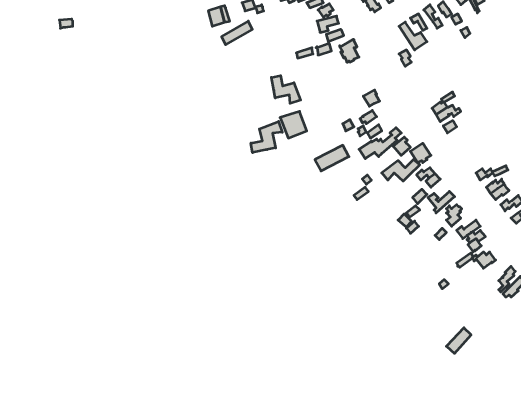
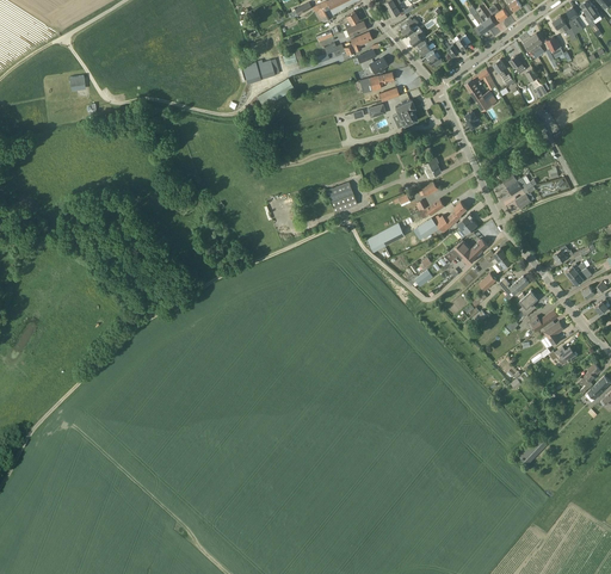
building: [271,76,301,103] -> none
building: [251,121,282,153] -> none

